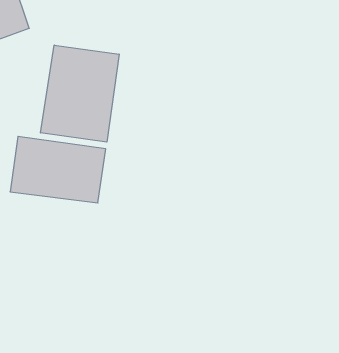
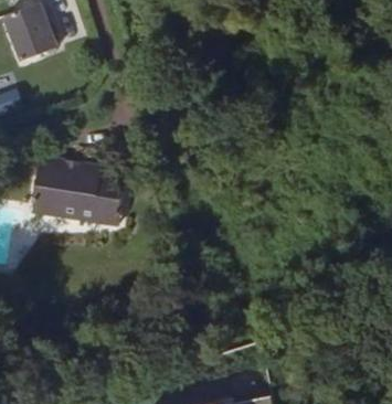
building: [41,45,119,142] -> none

